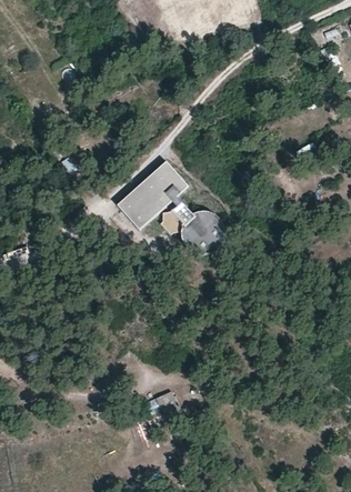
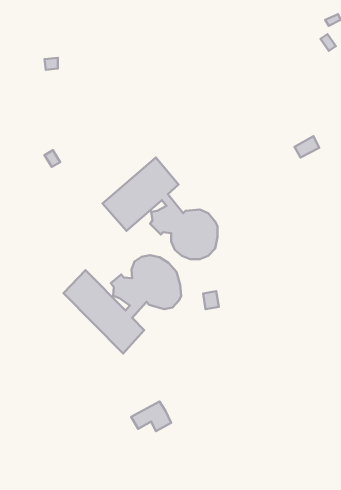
building: none -> [63,255,181,354]

